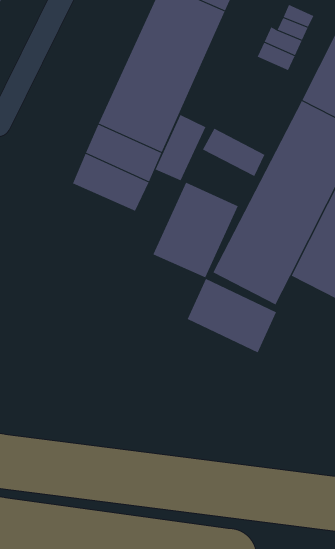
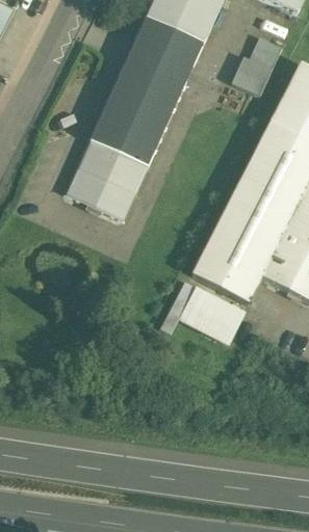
building: [155,114,206,181] -> none
building: [202,128,265,177] -> none
building: [153,182,238,278] -> none

